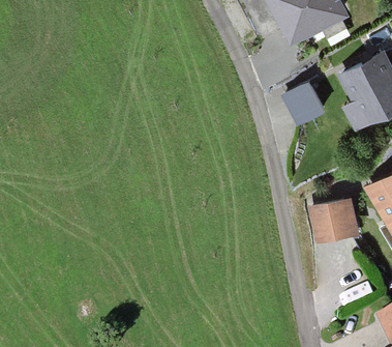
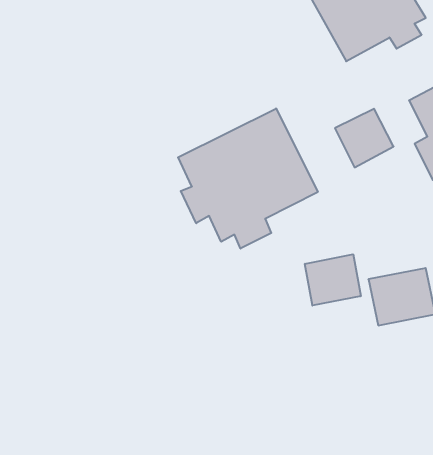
building: none -> [178,108,318,249]
building: none -> [305,254,361,306]

